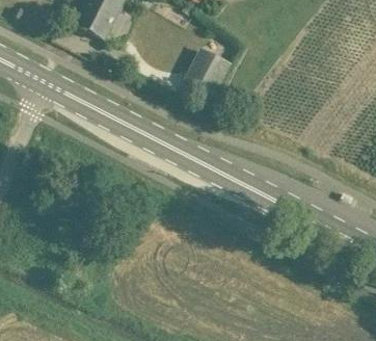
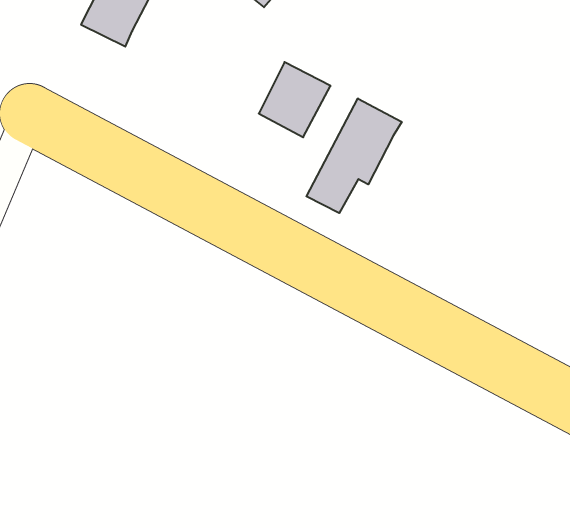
building: none -> [306,98,402,213]

